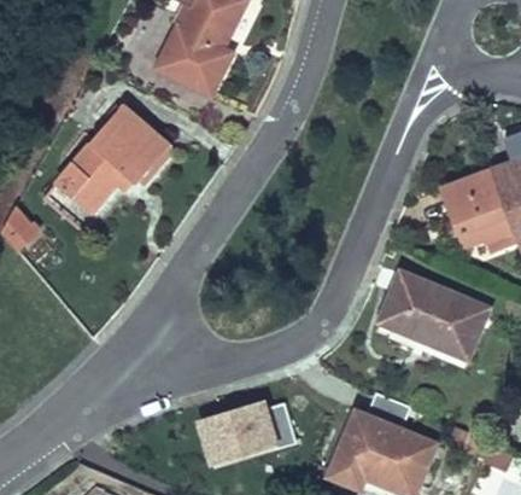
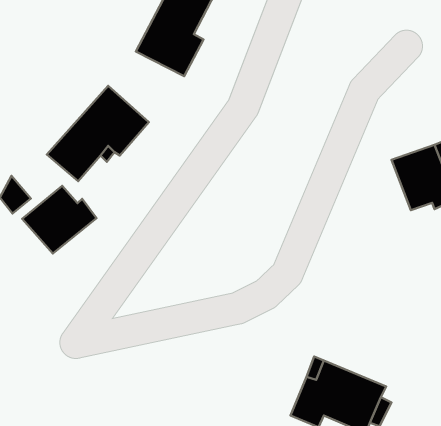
building: none -> [22,186,96,254]
building: [382,270,487,356] -> none
building: [193,397,295,474] -> none

